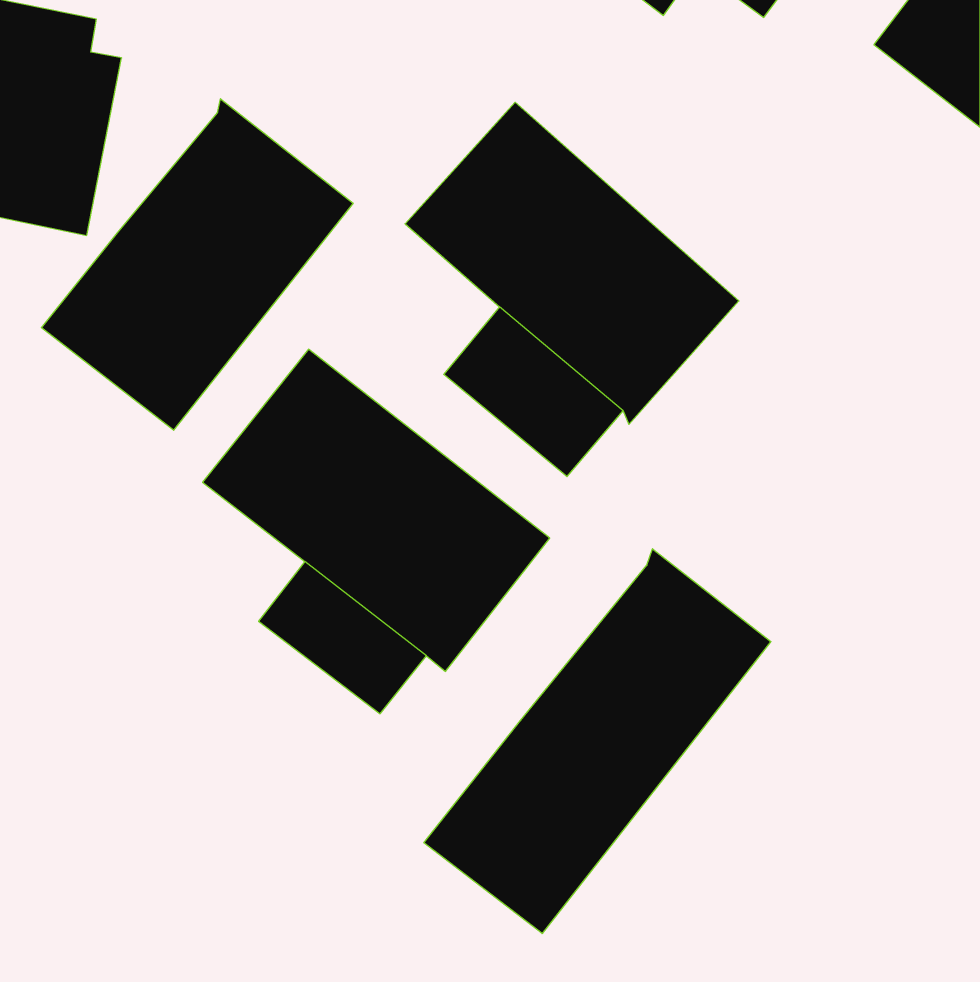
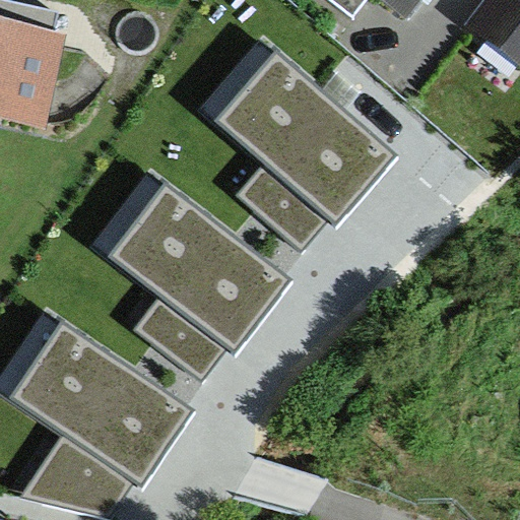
building: [41,99,353,430] -> none
building: [424,549,771,934] -> none
building: none -> [6,316,192,512]

